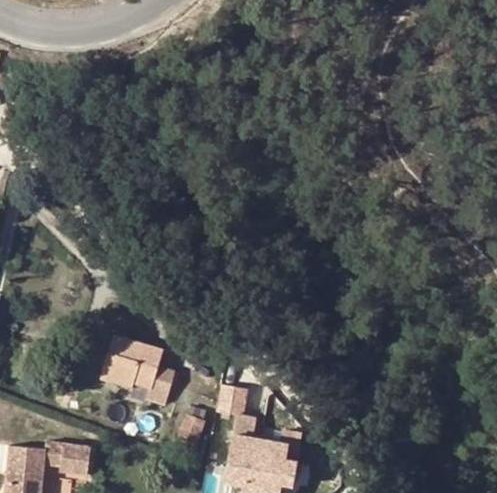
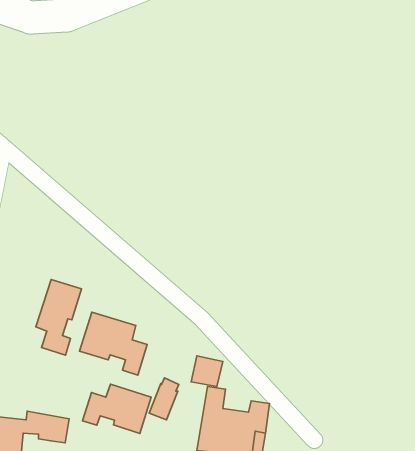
building: none -> [36,279,82,355]
building: none -> [83,384,151,434]

